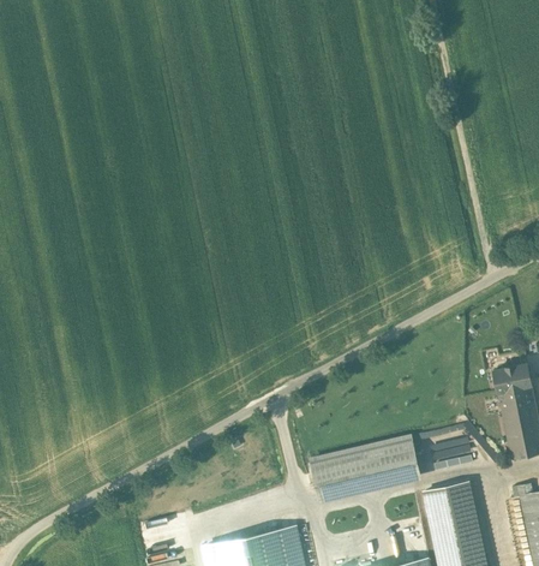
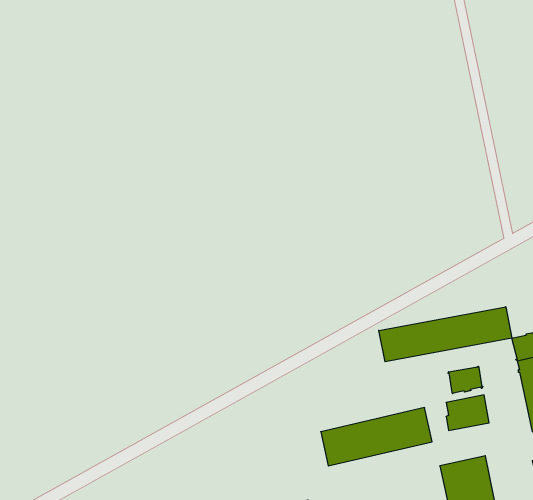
building: none -> [379,307,512,362]
building: none -> [448,366,483,394]

